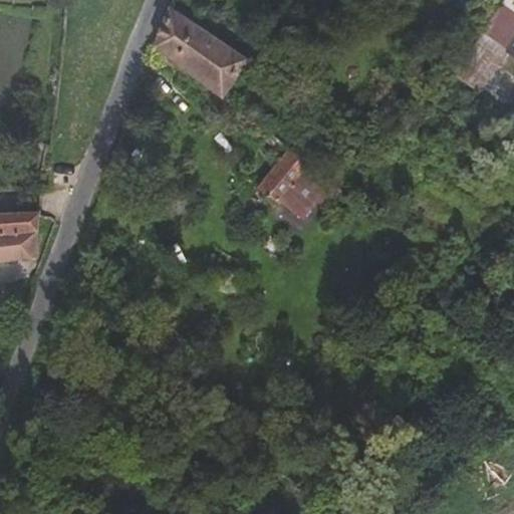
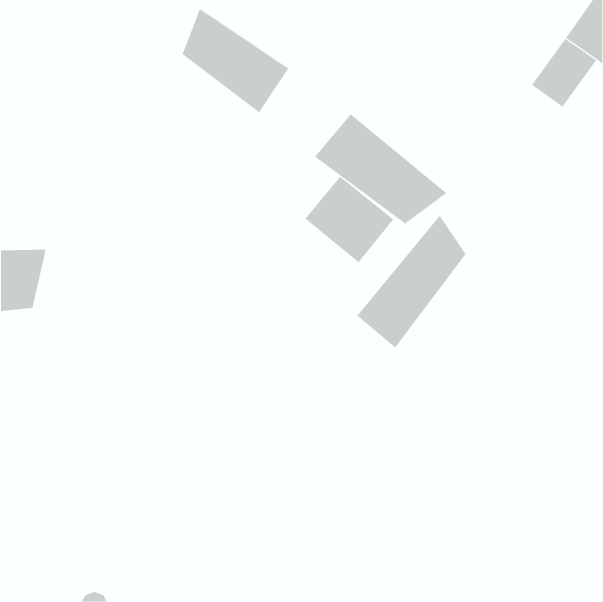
building: none -> [314,113,447,224]
building: none -> [356,215,466,349]

